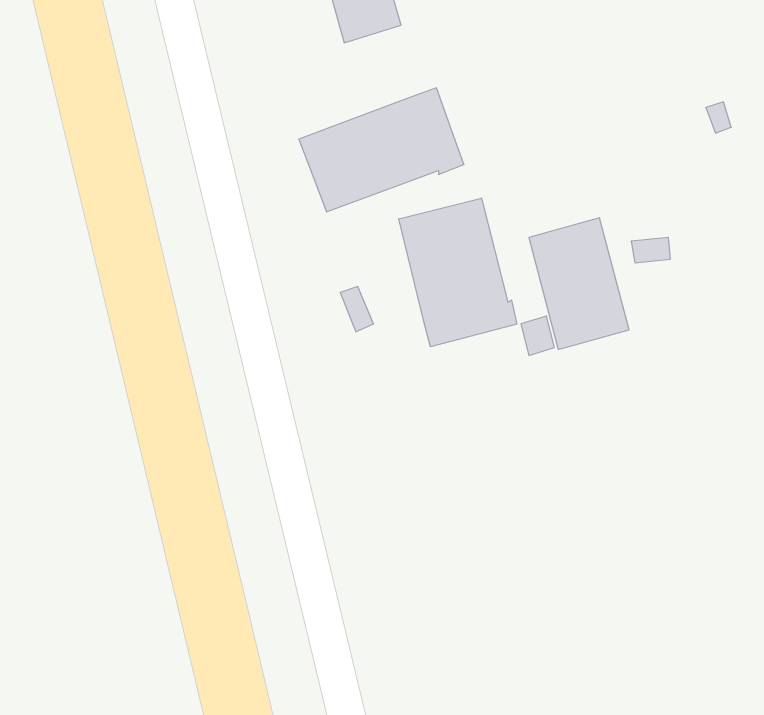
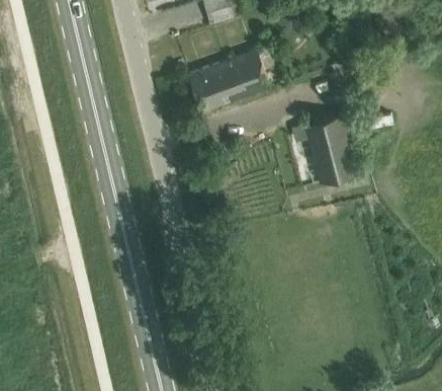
building: [399,198,517,347] -> none

